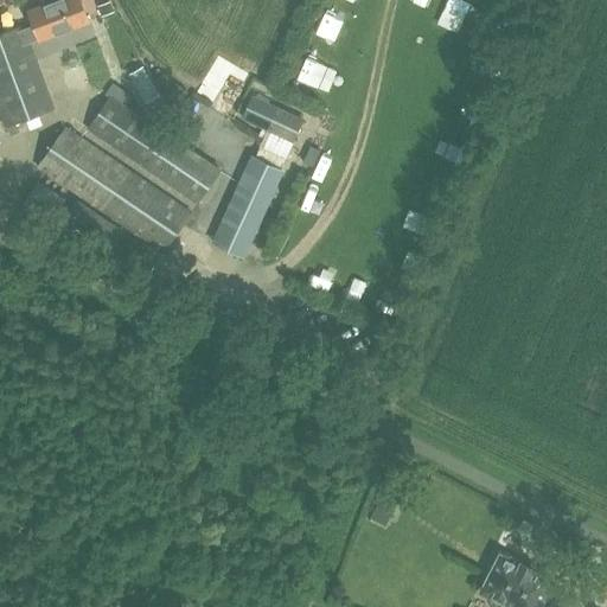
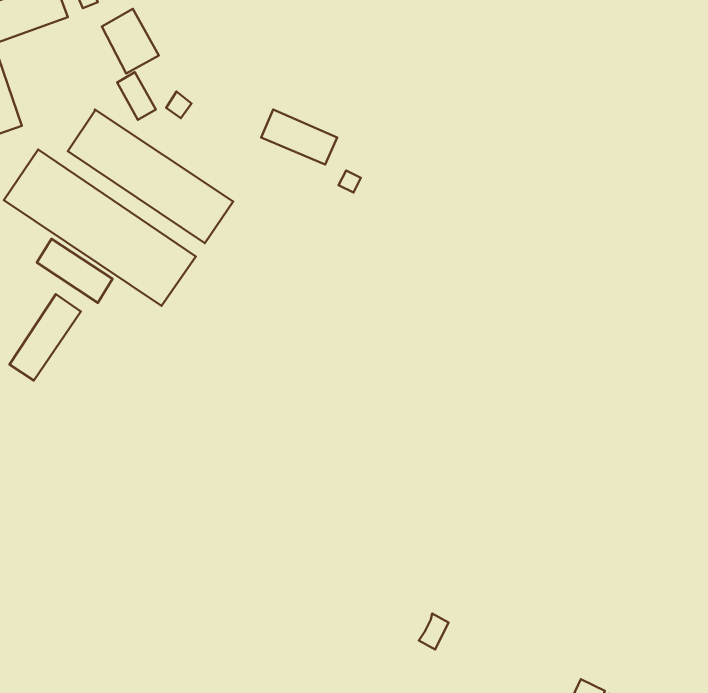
building: none -> [102,9,159,73]
building: [211,155,283,258] -> none
building: none -> [9,294,81,380]

